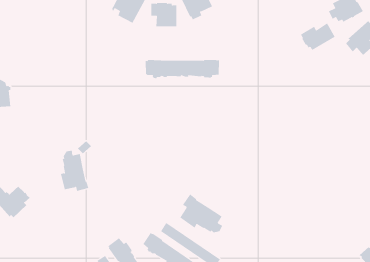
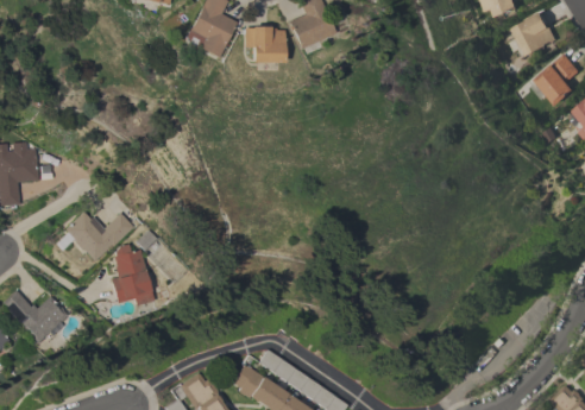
building: [300,23,336,51] -> none
building: [145,59,219,79] -> none
building: none -> [52,210,133,260]
building: [179,194,223,233] -> none

